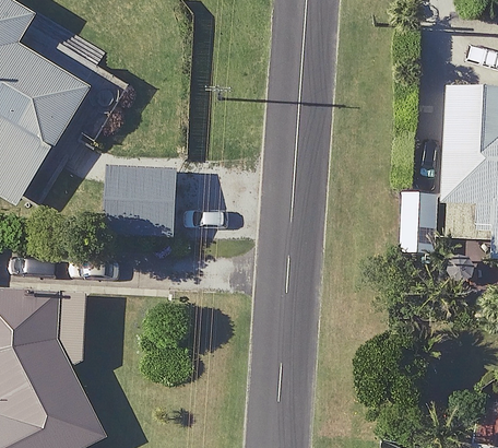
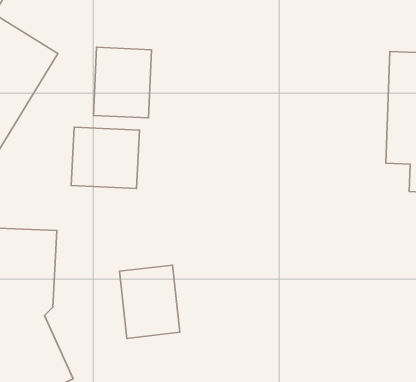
building: none -> [94,47,152,118]
building: none -> [120,265,180,338]

